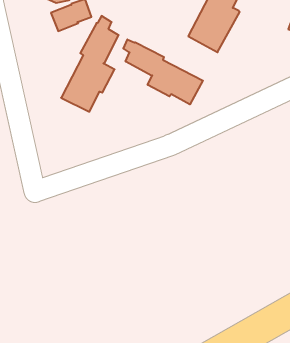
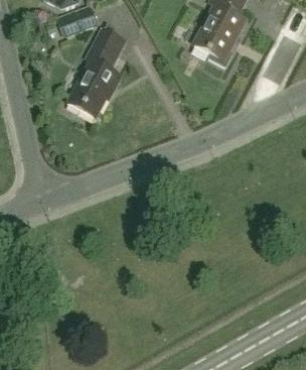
building: [123,39,203,104] -> none

